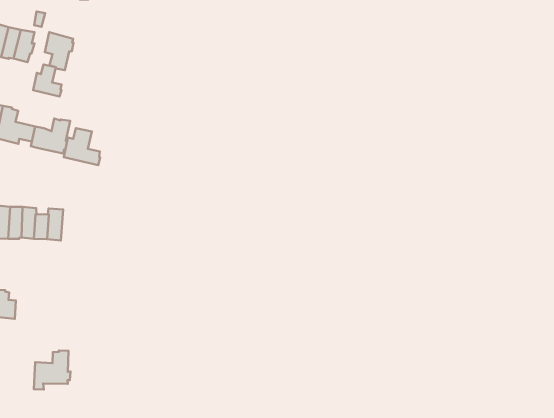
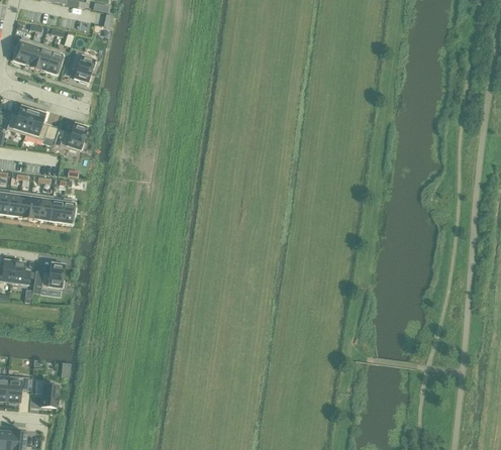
building: [33,65,61,97] -> none
building: [64,128,100,165] -> none
building: [34,350,70,390] -> [31,262,63,294]

